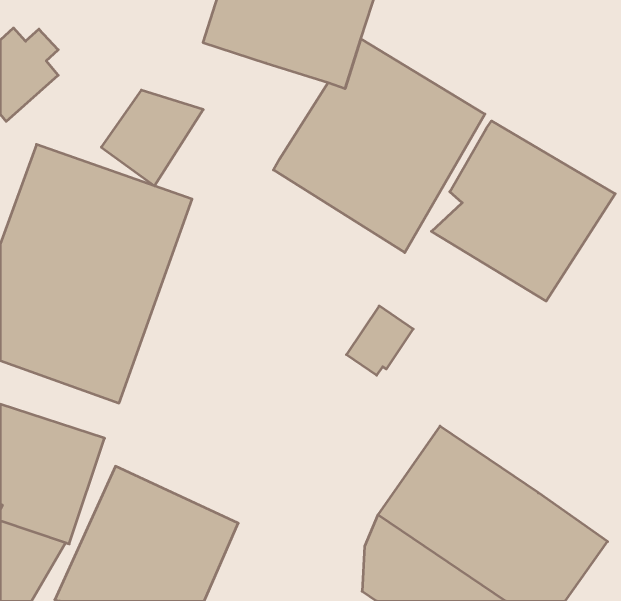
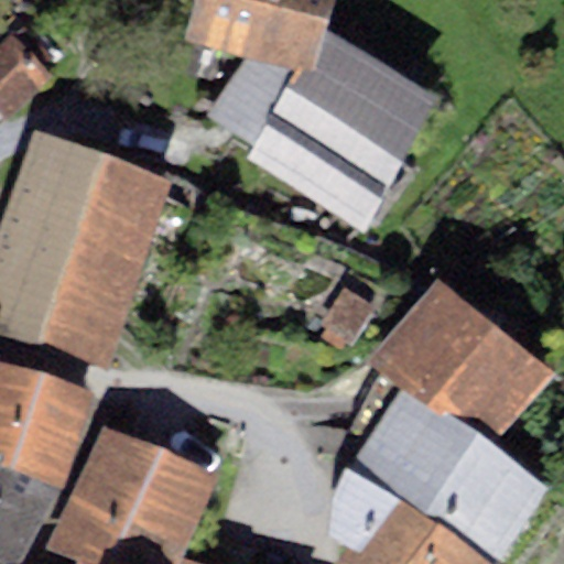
building: [101,90,203,186] -> [205,57,297,144]
building: [431,121,615,301] -> none
building: none -> [364,281,555,447]

